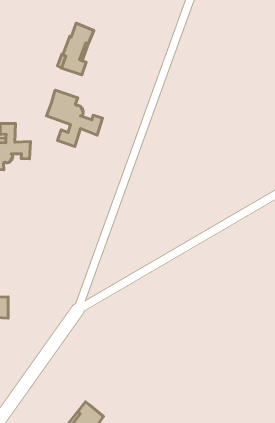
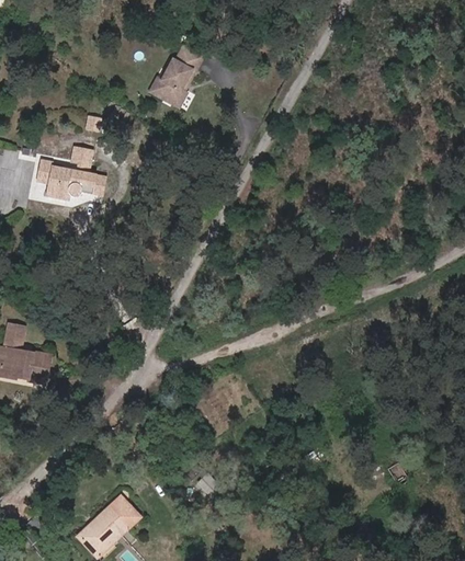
building: [46,90,102,146] -> none

